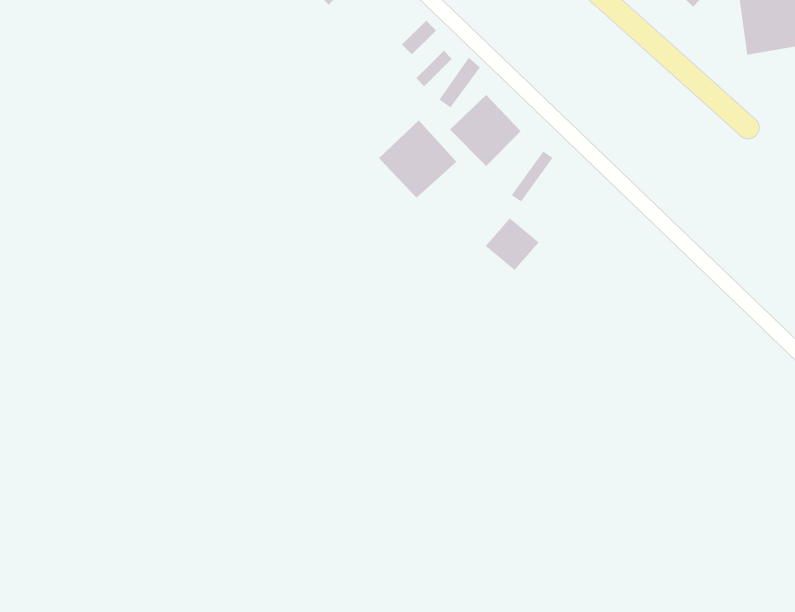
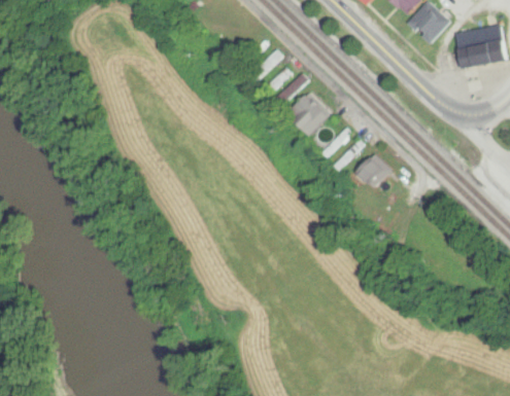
building: [378,119,457,198] -> none
building: [485,218,540,271] -> [359,153,390,184]

